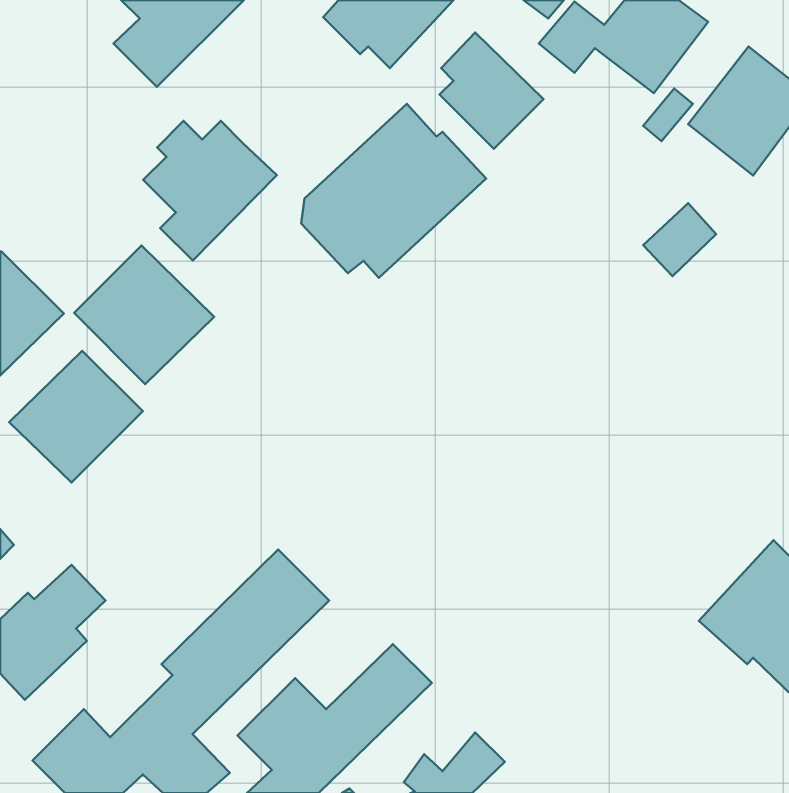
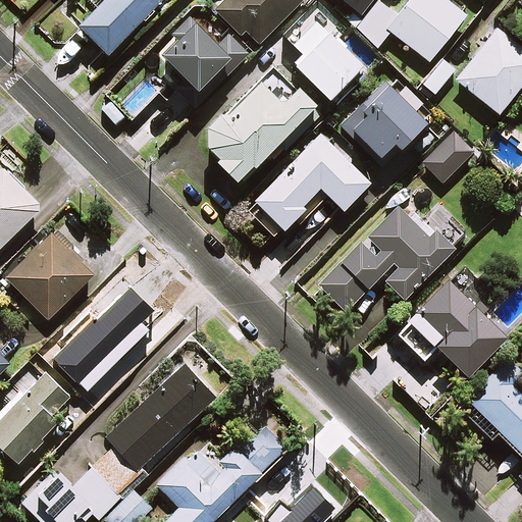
building: [143,121,277,261] -> [161,19,249,111]
building: none -> [340,82,426,168]
building: none -> [252,137,367,232]
building: [74,246,214,384] -> none
building: none -> [316,206,450,315]
building: none -> [56,278,163,386]
building: none -> [404,281,502,378]

